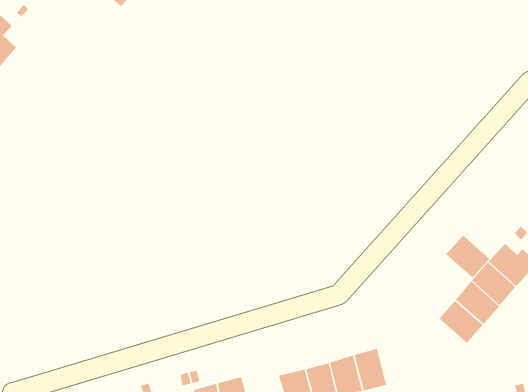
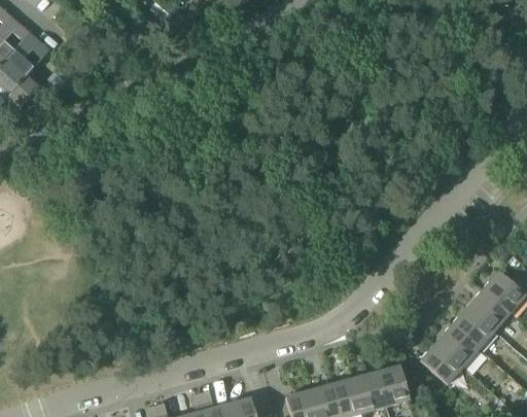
building: [445,235,490,279] -> none
building: none -> [421,342,463,383]
building: none -> [379,363,411,405]

